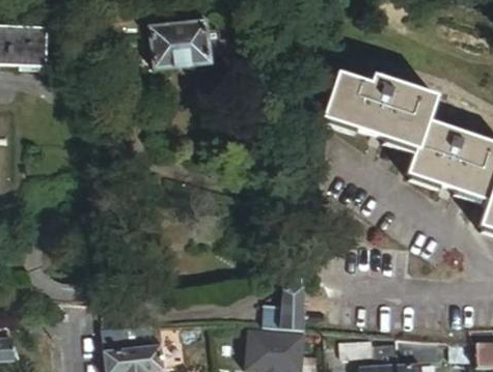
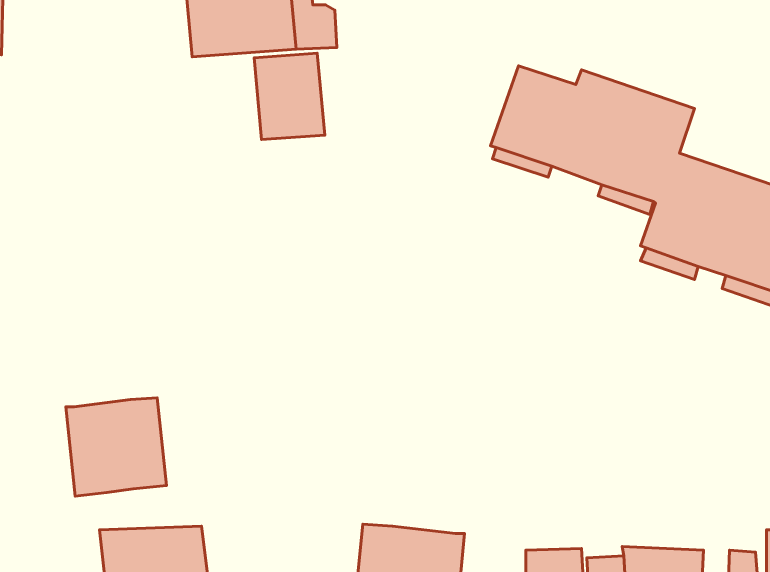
building: none -> [254,53,325,140]
building: none -> [66,398,166,496]
building: [266,287,301,334] -> none

